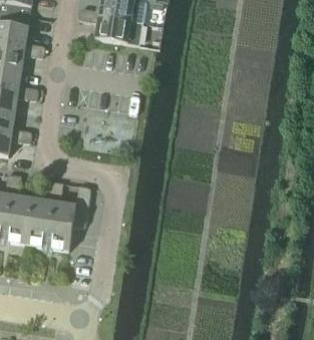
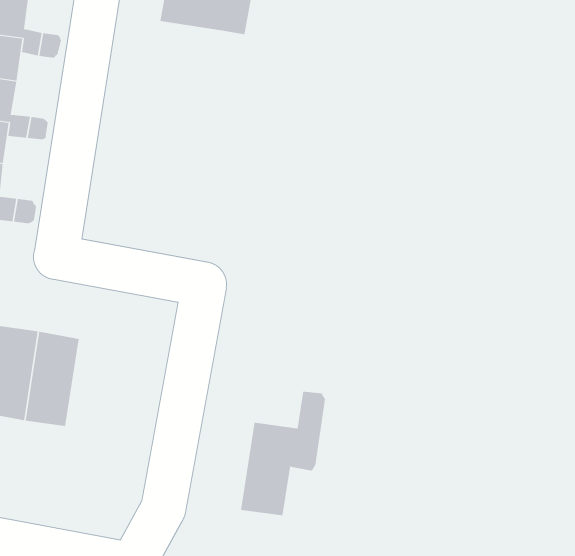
building: [46,186,90,250] -> [240,391,326,516]

